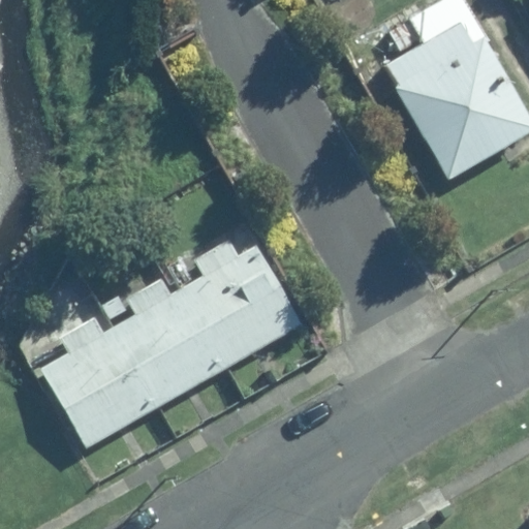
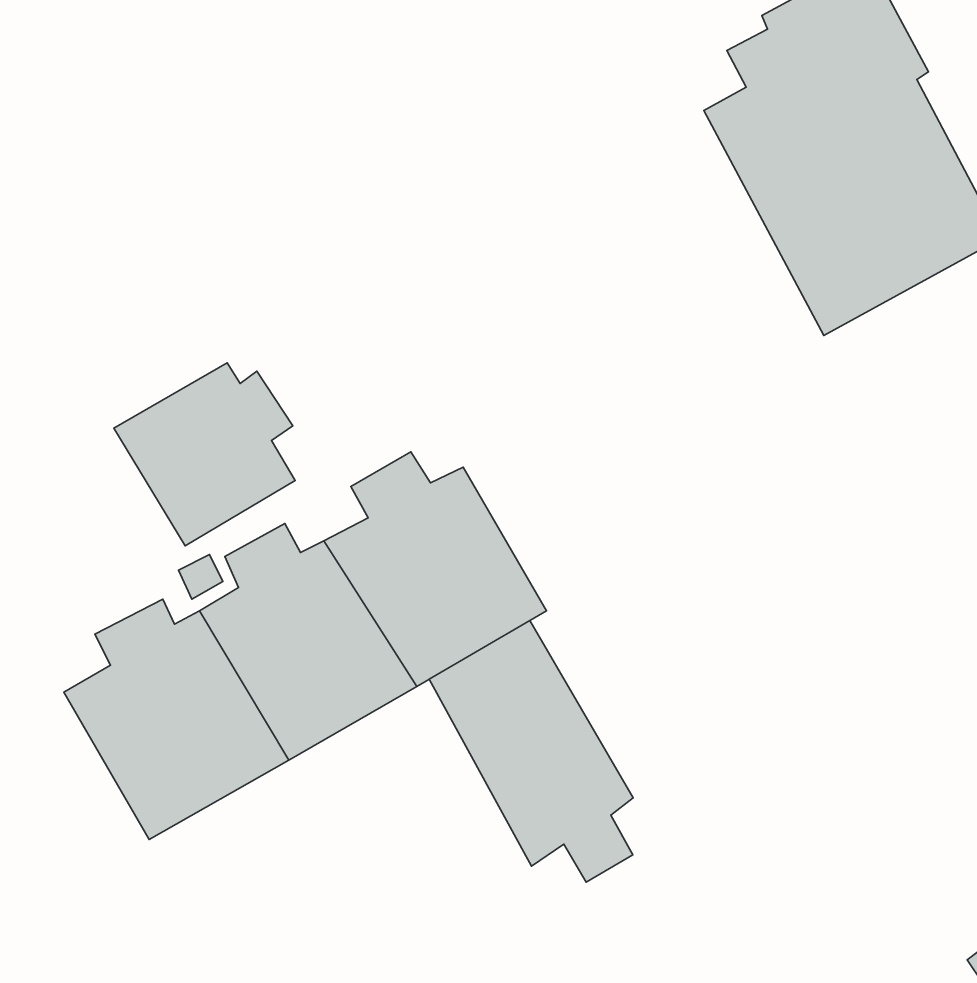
building: none -> [114,363,295,546]
building: none -> [429,620,633,882]

